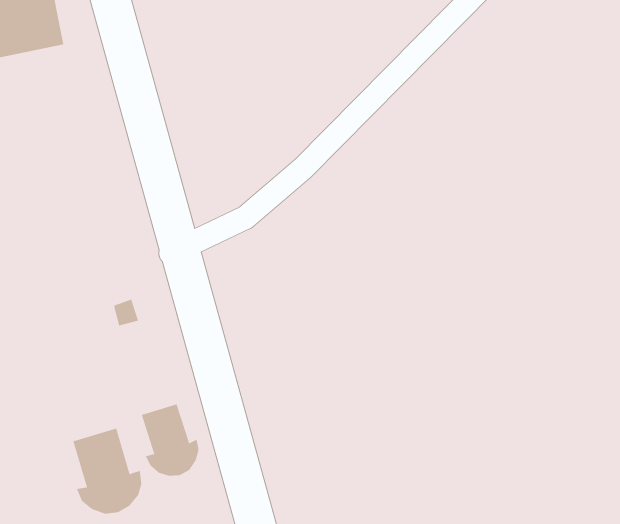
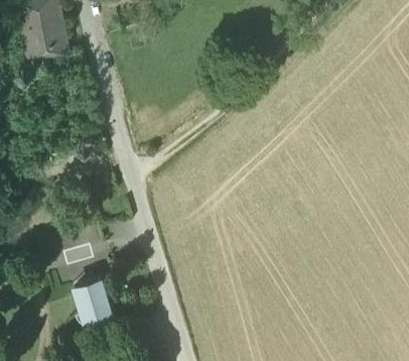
building: [141,404,199,476] -> none

